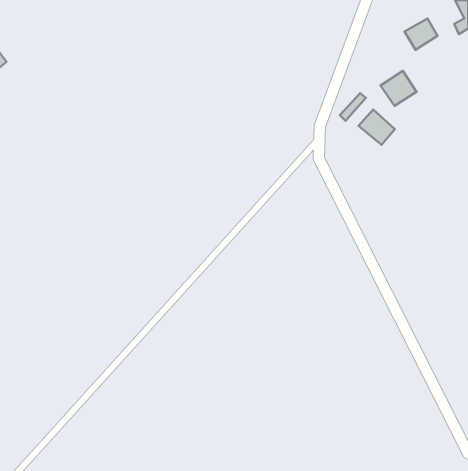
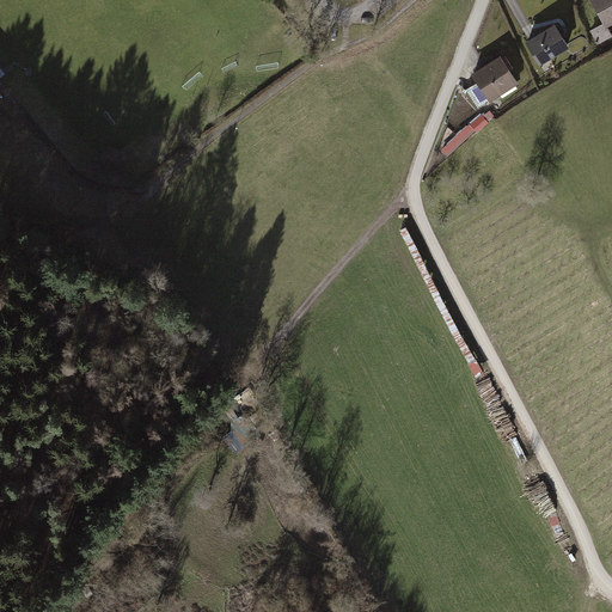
building: [381,71,417,106] -> [471,55,518,100]
building: [359,109,395,145] -> none

